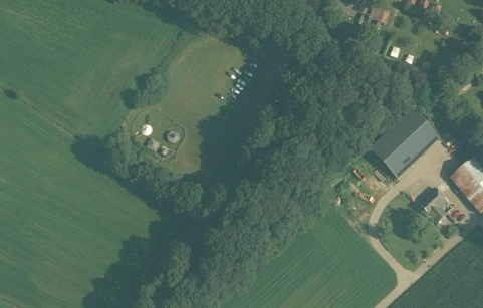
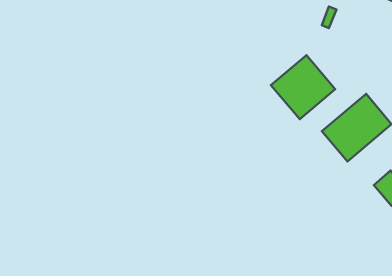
building: none -> [271,55,335,119]

